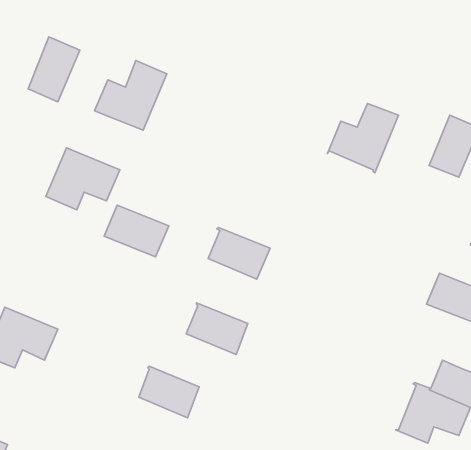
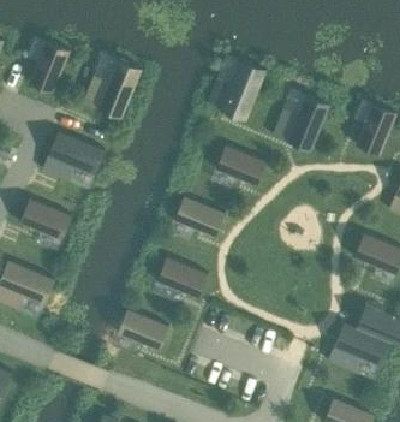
building: none -> [207,60,265,119]
building: none -> [216,145,267,186]
building: [104,205,169,257] -> [19,198,72,240]

